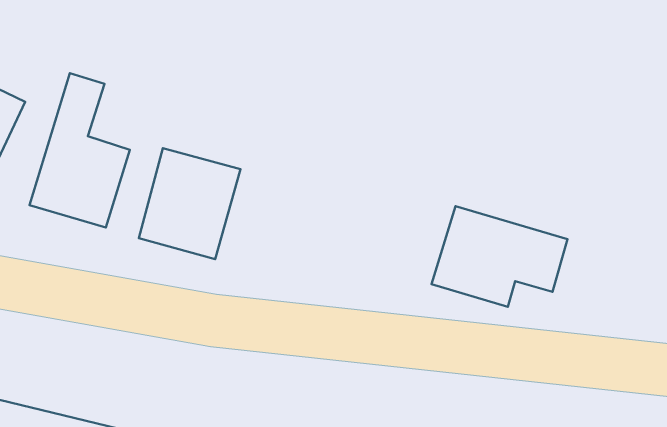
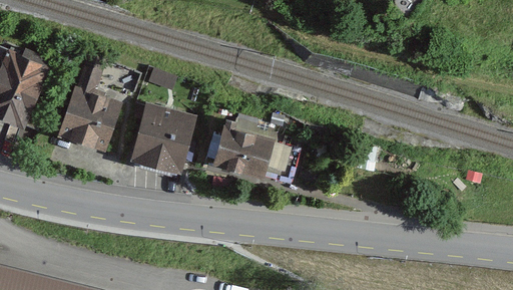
building: [431,206,568,307] -> [210,120,302,188]

